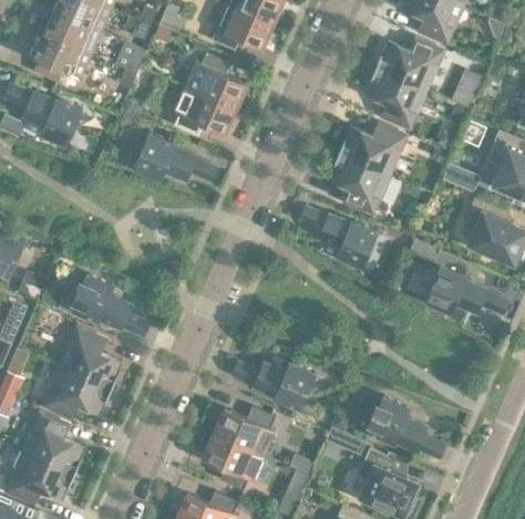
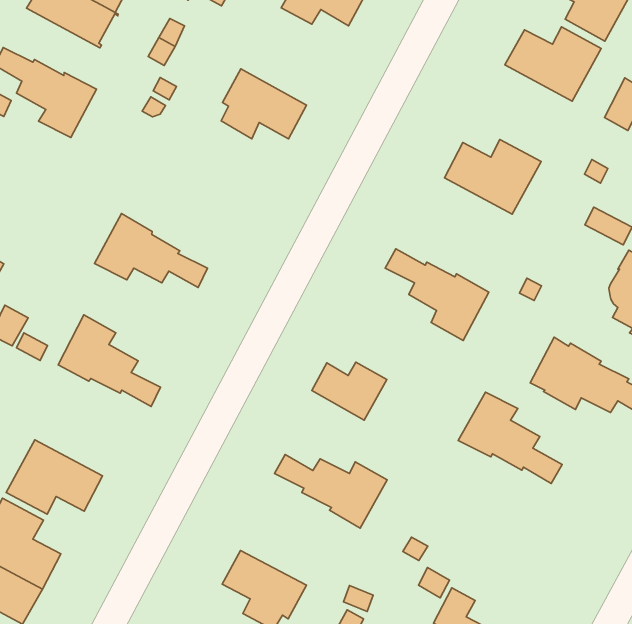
building: [185,52,246,108] -> none
building: [364,68,426,129] -> none
building: [132,132,214,180] -> [94,214,207,287]
building: [327,153,390,215] -> none
building: none -> [312,362,387,420]
building: [59,325,122,388] -> none
building: [366,396,442,458] -> [458,392,562,483]
building: [214,406,275,455] -> none

